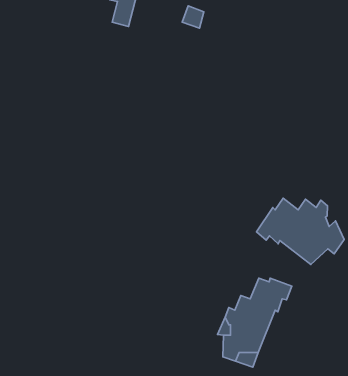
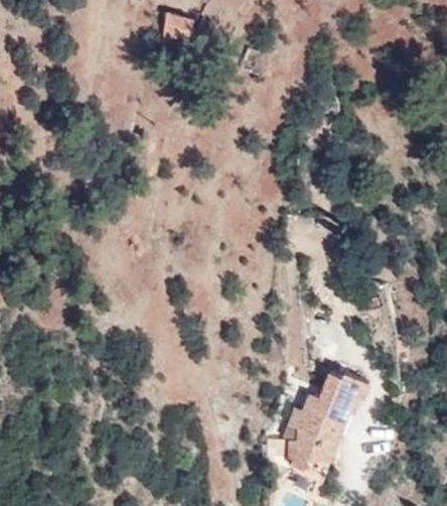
building: [256,198,344,264] -> none

